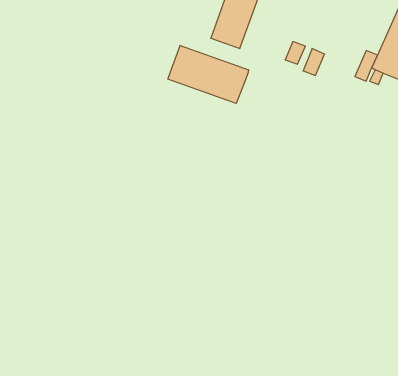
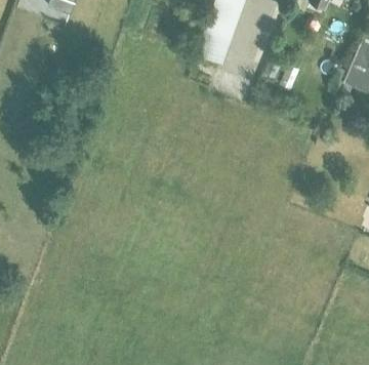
building: [168,45,248,103] -> none

